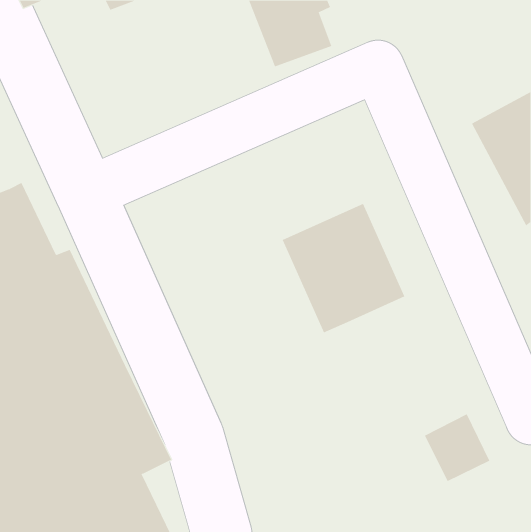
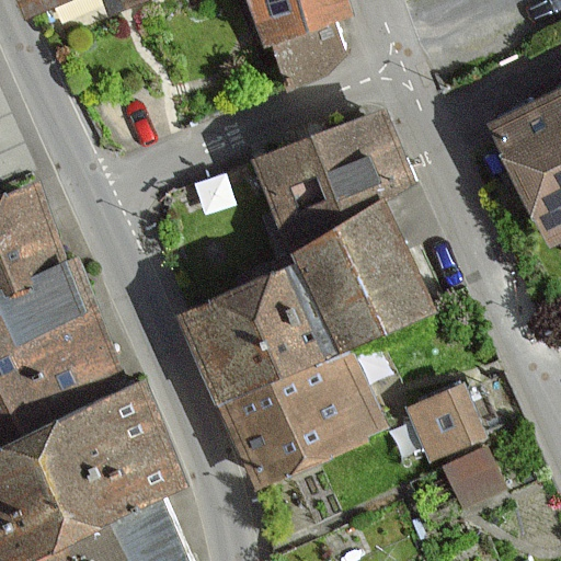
building: none -> [256,116,407,234]
building: none -> [182,273,379,484]
building: none -> [408,374,493,457]

